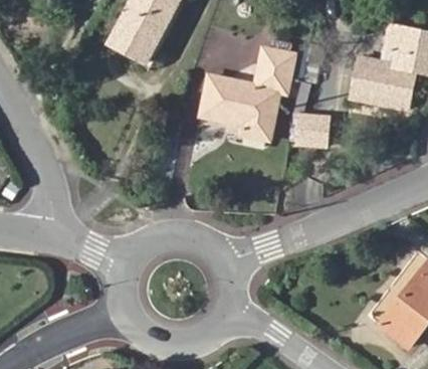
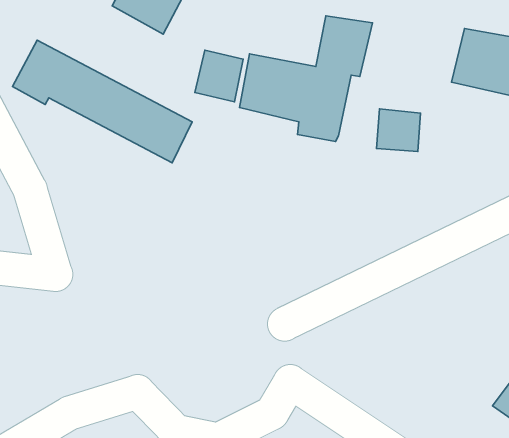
building: none -> [13,40,192,163]
building: none -> [195,50,243,102]

